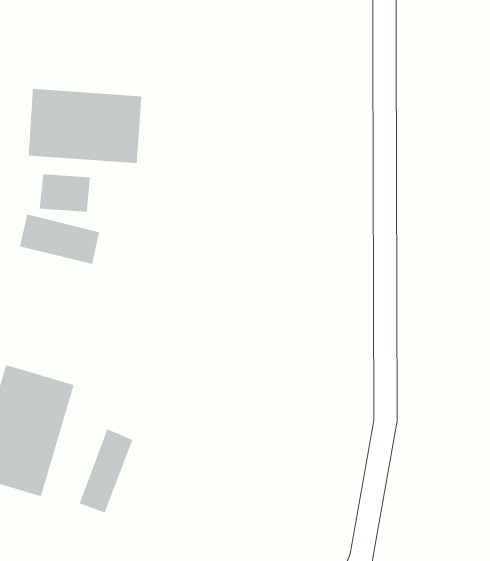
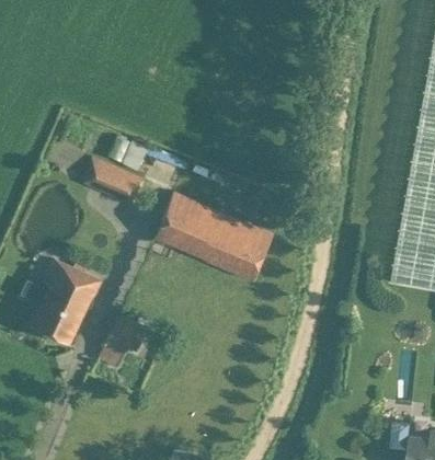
building: [28,88,142,164] -> none
building: none -> [157,196,263,269]

